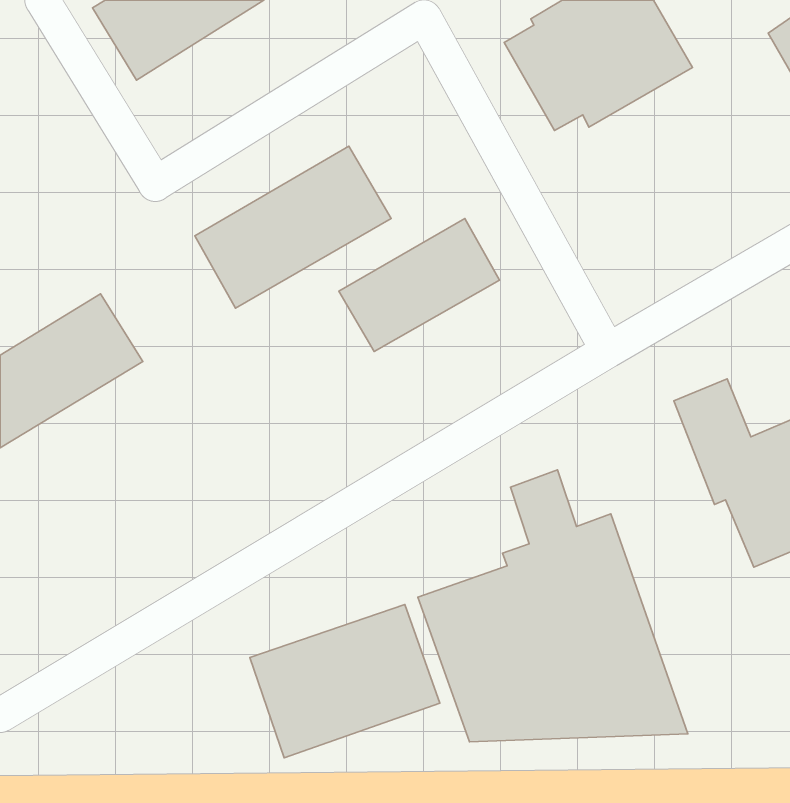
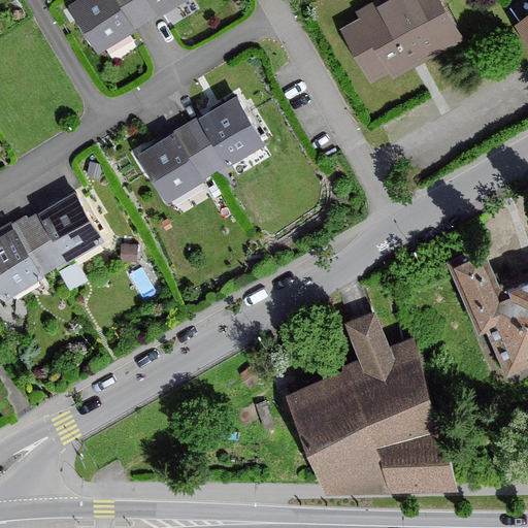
building: [339,219,500,352] -> none
building: [250,604,440,758] -> none

